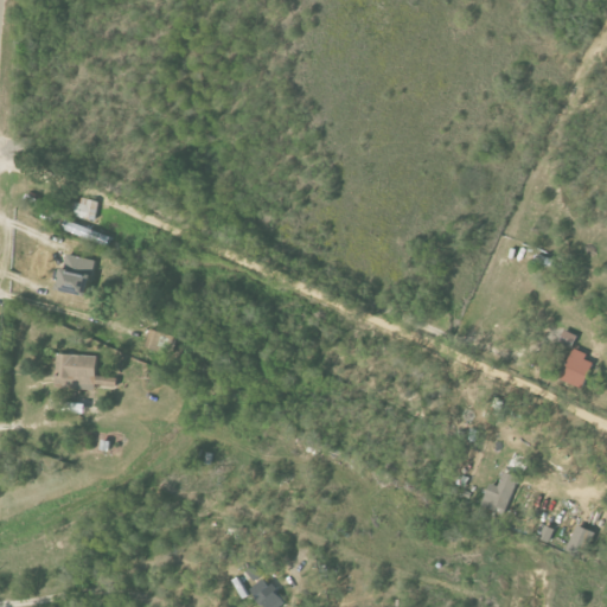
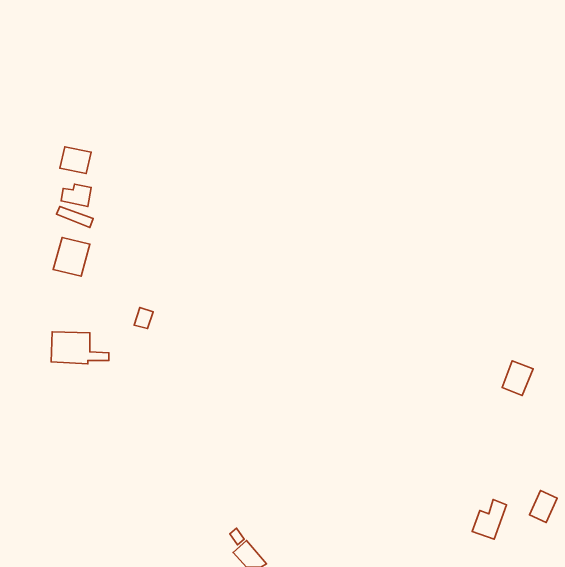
building: none -> [60,147,91,174]
building: [561,351,594,388] -> [502,361,533,395]
building: [481,471,518,513] -> [472,499,506,539]

